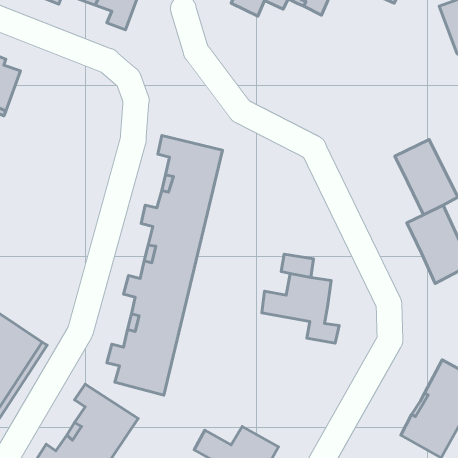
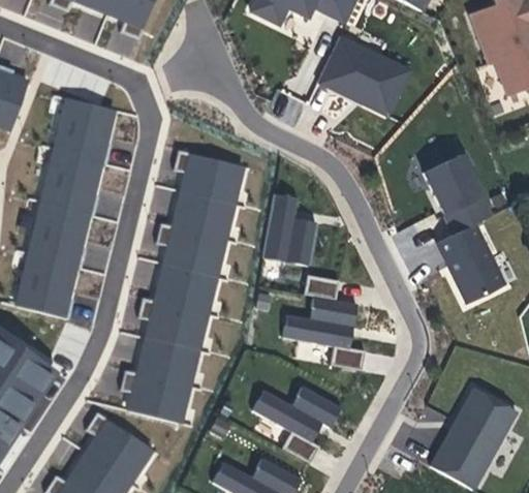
building: none -> [317,35,410,116]
building: none -> [17,97,114,318]
building: none -> [262,193,316,265]
building: none -> [252,384,341,463]

